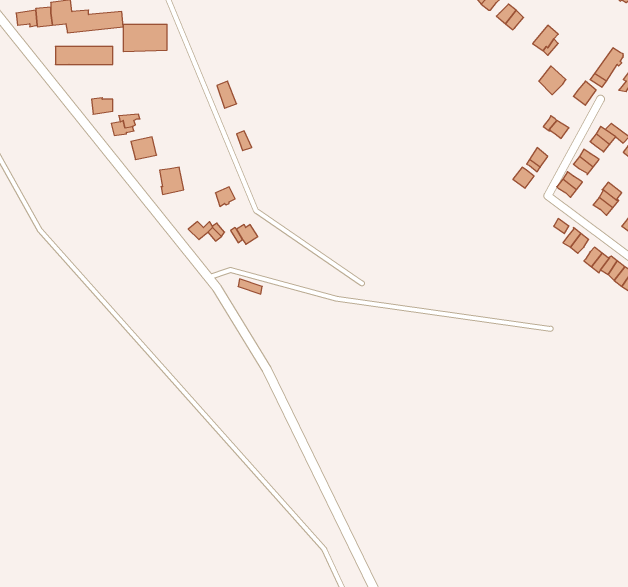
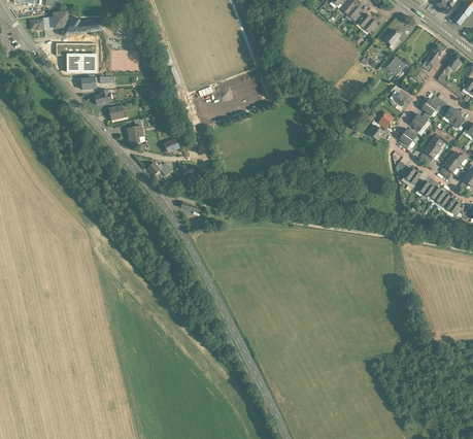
building: [123,24,167,52] -> [66,55,96,73]

